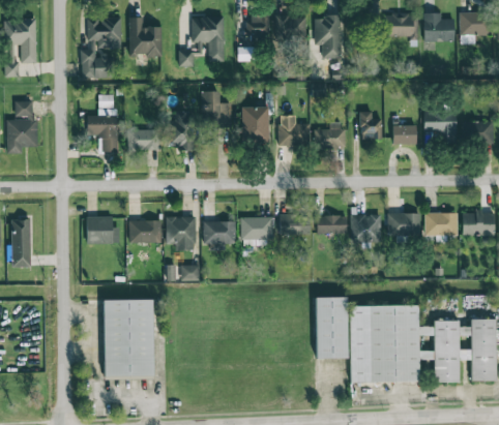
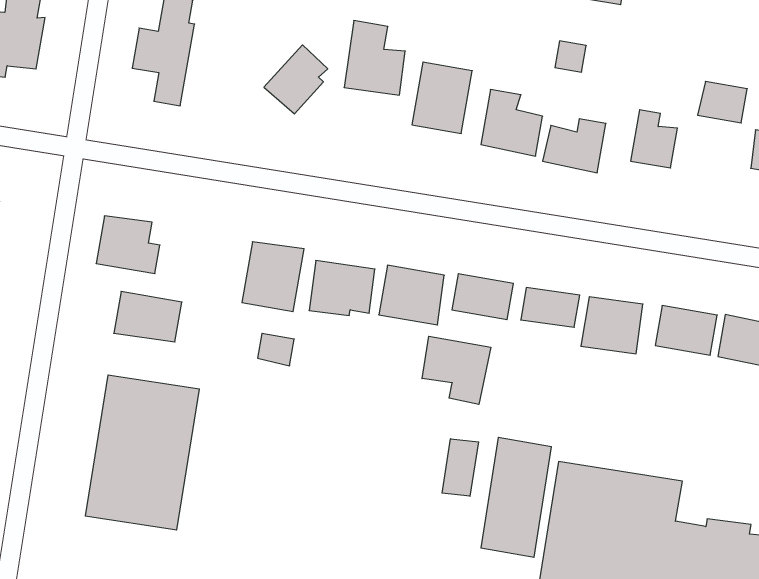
building: [392,125,416,144] -> [698,81,747,123]
building: [127,129,160,150] -> none
building: [128,220,162,243] -> [114,291,182,342]
building: none -> [422,336,491,404]
building: none -> [442,439,479,496]

